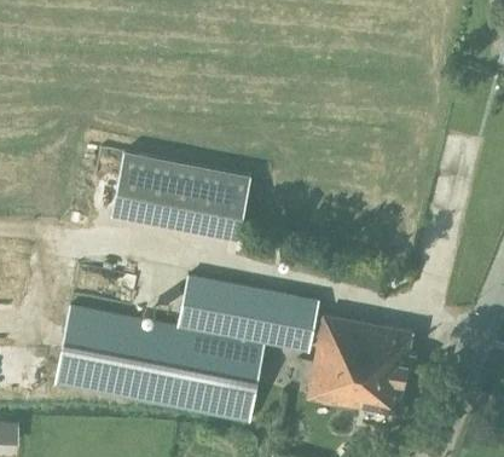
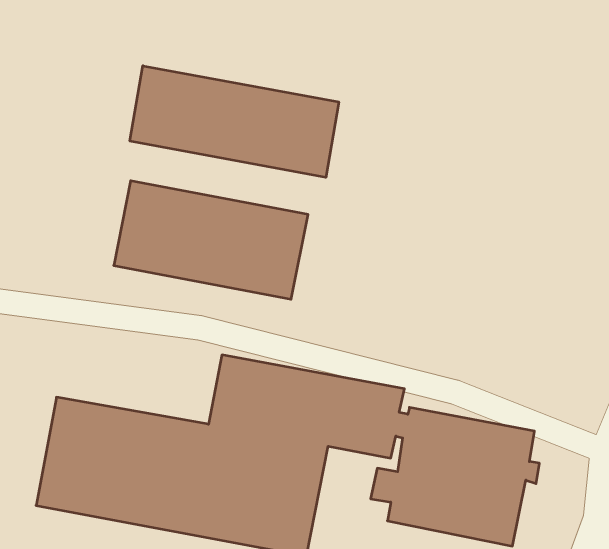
building: none -> [130,66,339,177]

